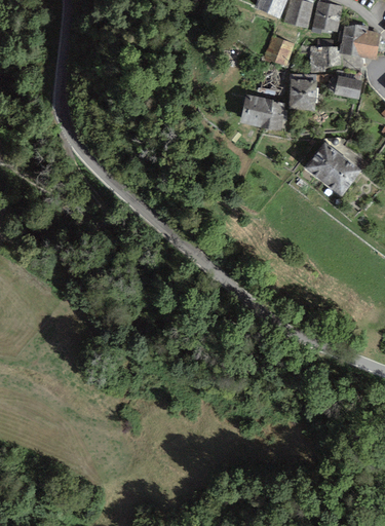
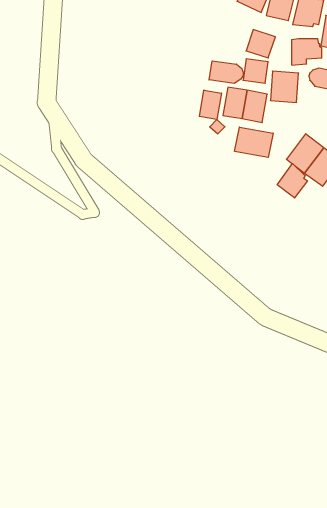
building: none -> [209,61,243,83]
building: none -> [199,90,221,120]
building: none -> [235,127,273,157]
building: none -> [277,164,307,198]

